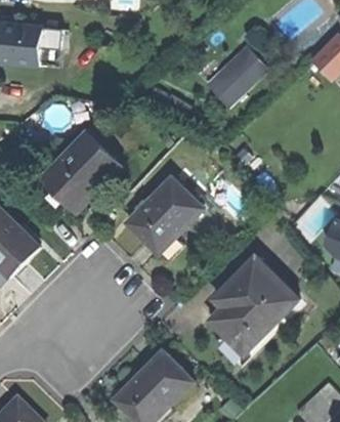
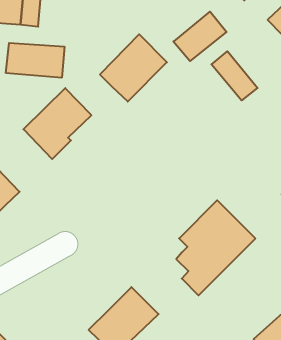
building: none -> [6,43,64,78]
building: none -> [211,51,258,100]
building: [126,178,200,252] -> [100,34,167,102]

